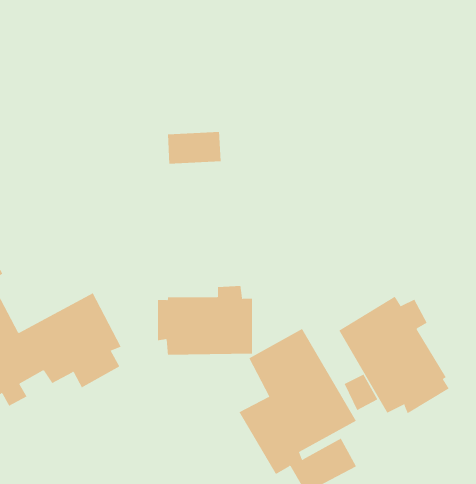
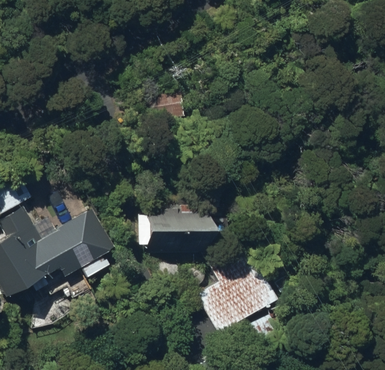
building: [338,296,449,414] -> none

